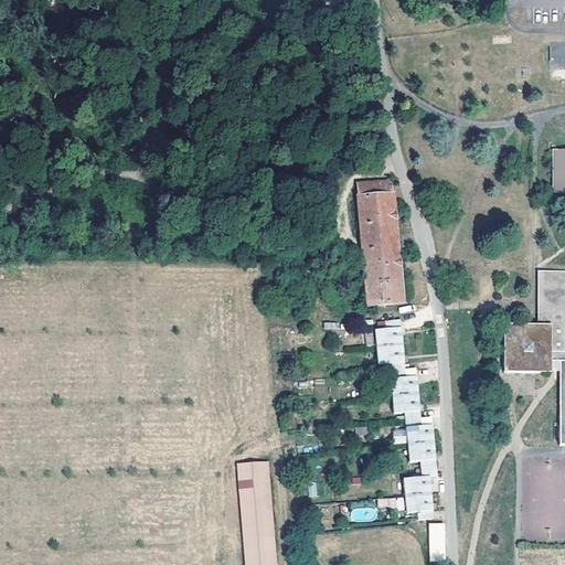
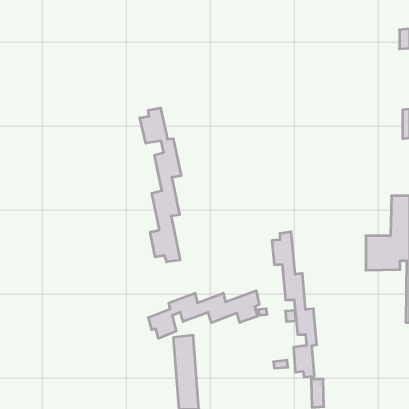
building: none -> [140,108,181,262]
building: [355,180,403,306] -> none
building: none -> [148,291,259,338]

